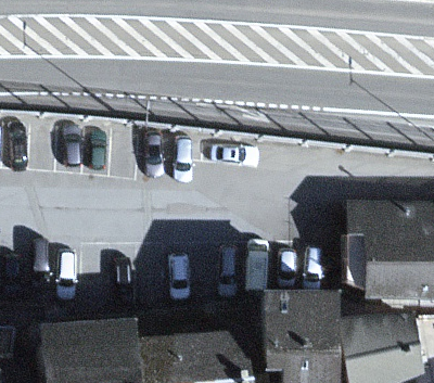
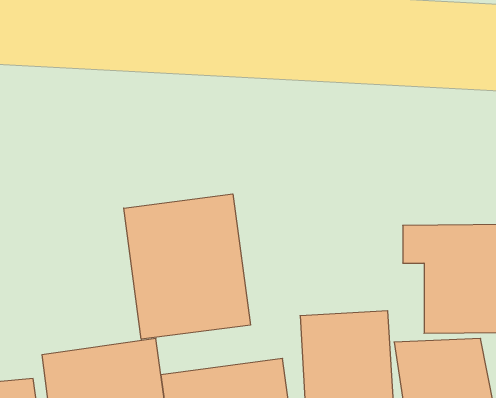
building: none -> [124,194,250,339]

